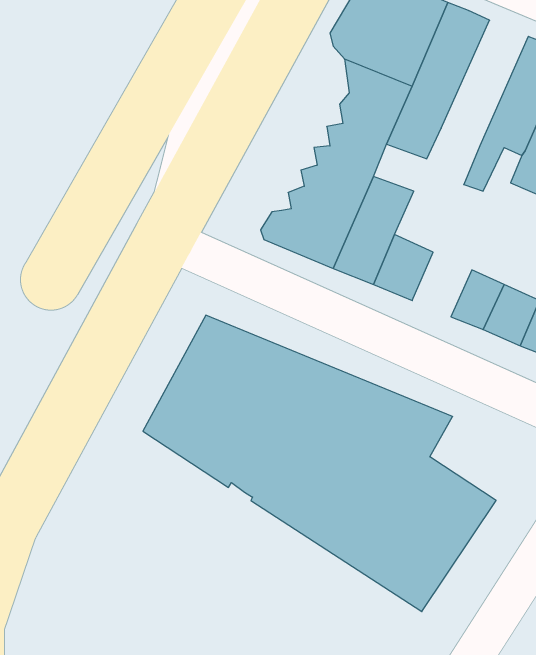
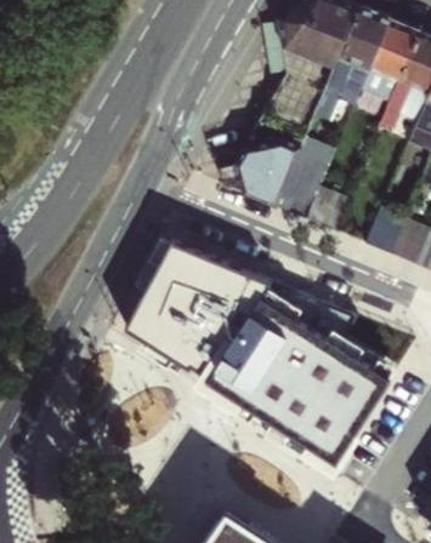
building: none -> [353,18,419,113]

